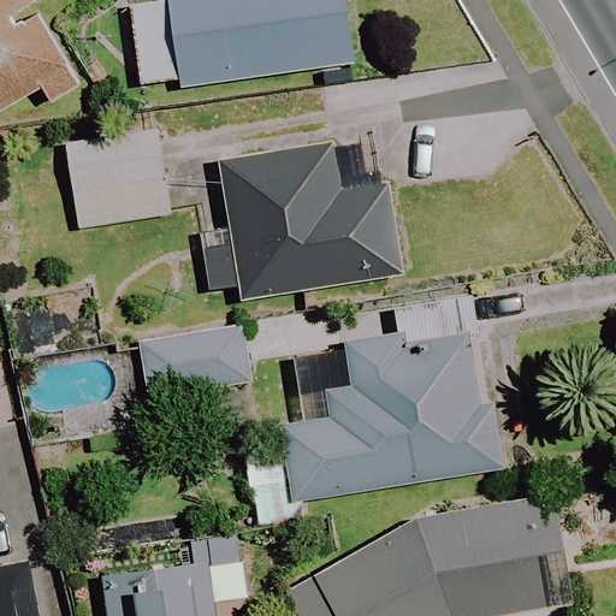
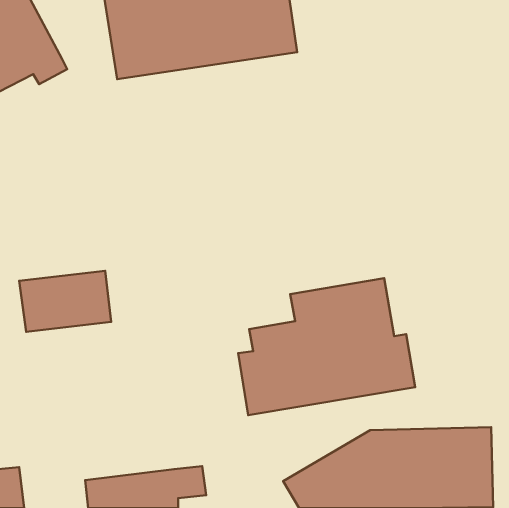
building: [65,129,167,226] -> none
building: [202,136,401,298] -> none
building: [137,324,248,397] -> [19,271,111,332]

